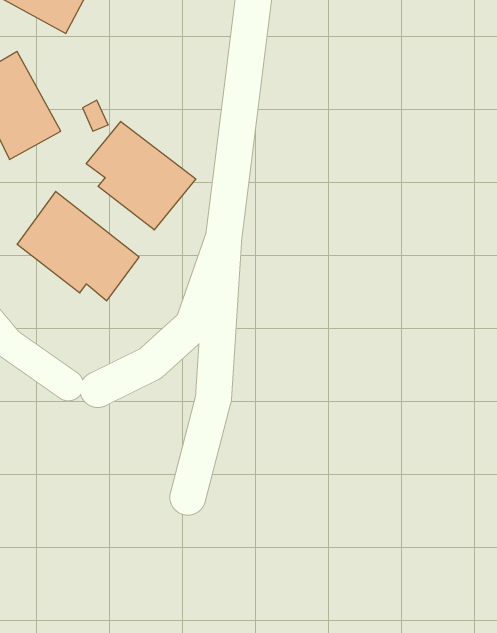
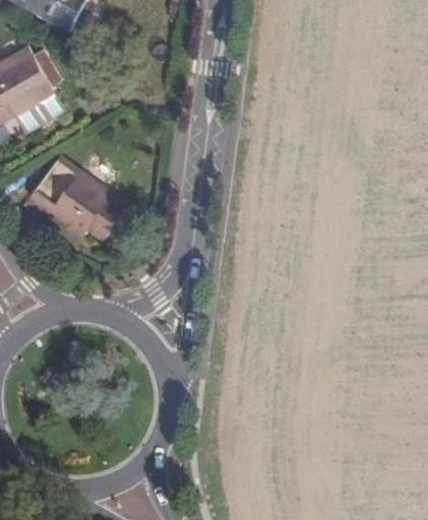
building: [86,121,196,230] -> none

